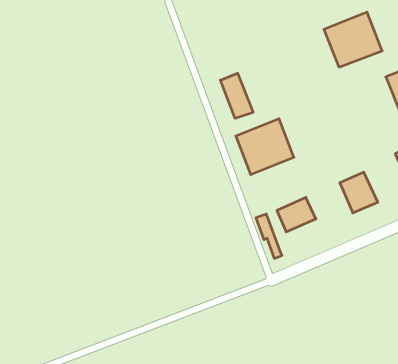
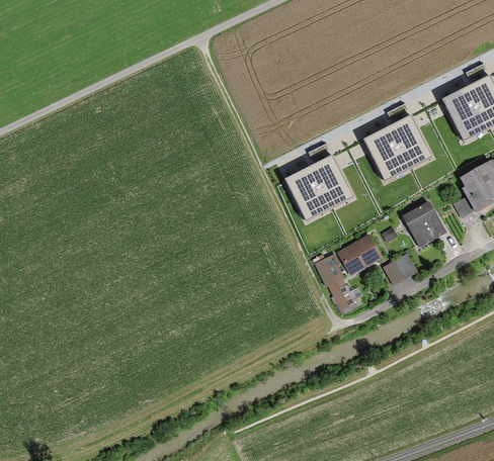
building: [324,12,382,67] -> [363,114,429,177]
building: [220,73,253,118] -> none
building: none -> [383,256,416,286]

